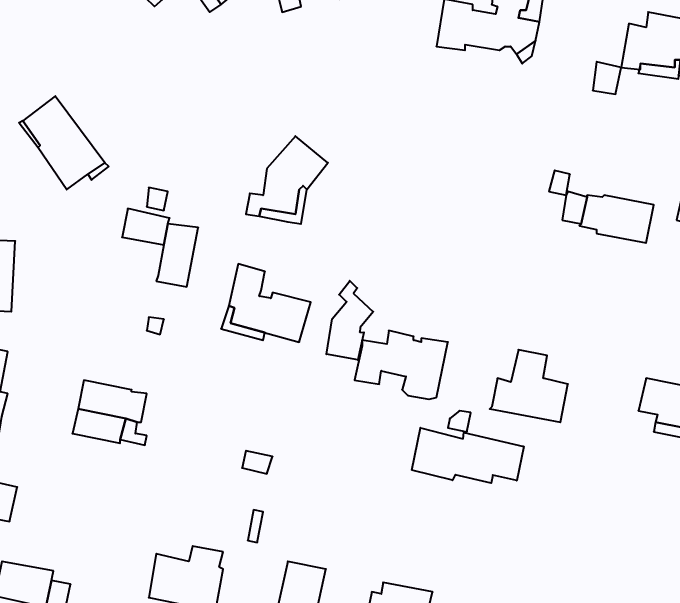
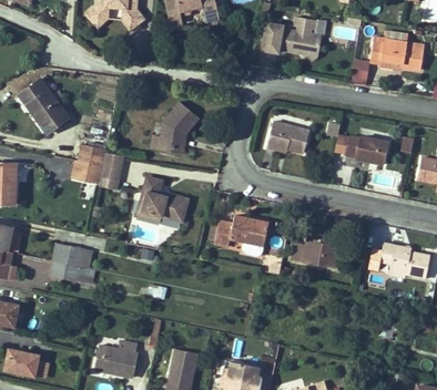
building: none -> [266,121,309,153]
building: none -> [72,160,103,183]
building: [326,281,373,360] -> none
building: [412,428,524,483] -> none

